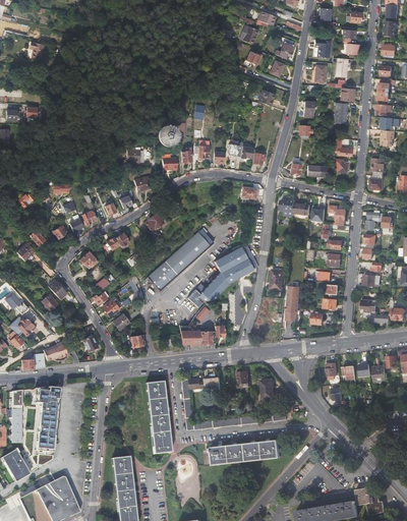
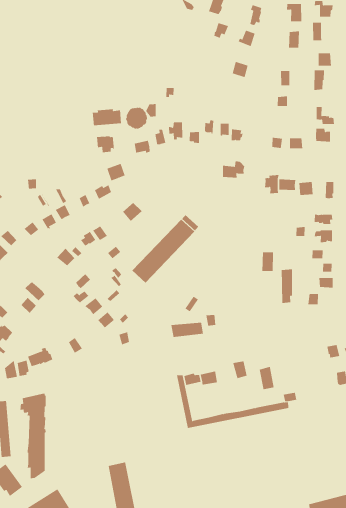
building: none -> [92,109,122,126]
building: [188,243,257,307] -> none
building: [144,381,170,453] -> none
building: [205,440,280,465] -> none

